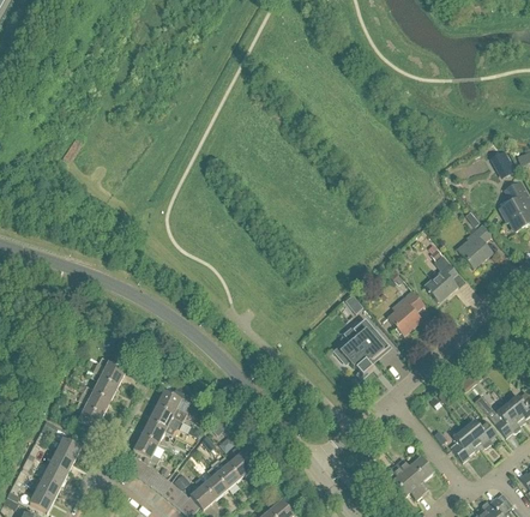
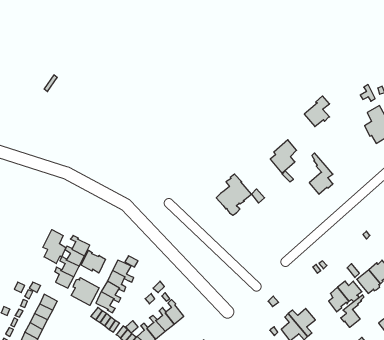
building: [457,223,492,265] -> [304,96,330,127]
building: [387,289,423,335] -> [270,140,297,173]
building: [339,318,387,374] -> [216,174,251,215]
building: none -> [43,230,66,264]
building: none -> [81,250,106,273]
building: none -> [71,278,99,305]
building: none -> [341,295,364,327]

